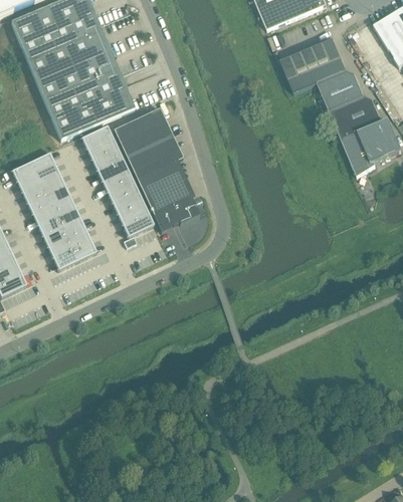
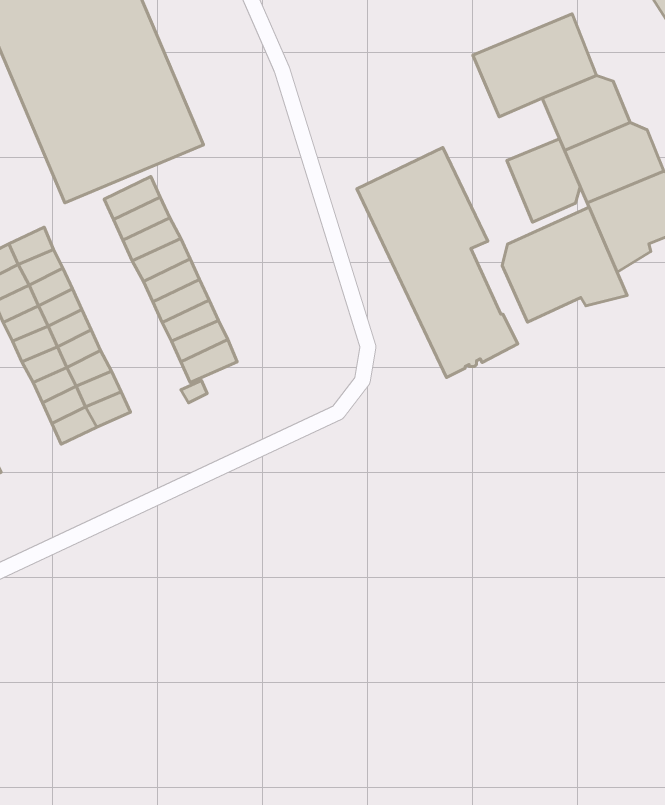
building: none -> [507,139,580,222]
building: [113,107,199,231] -> [357,148,518,378]
building: none -> [502,207,627,322]

